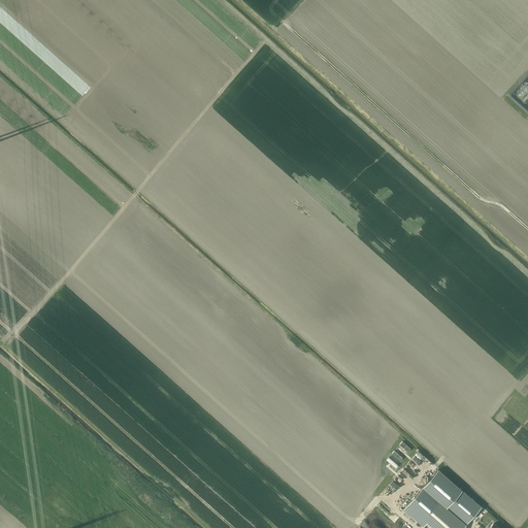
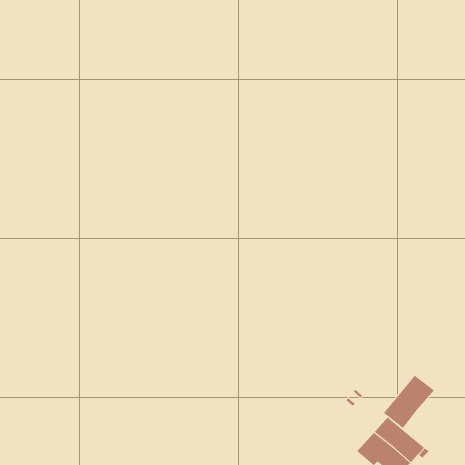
building: none -> [383,375,435,429]

